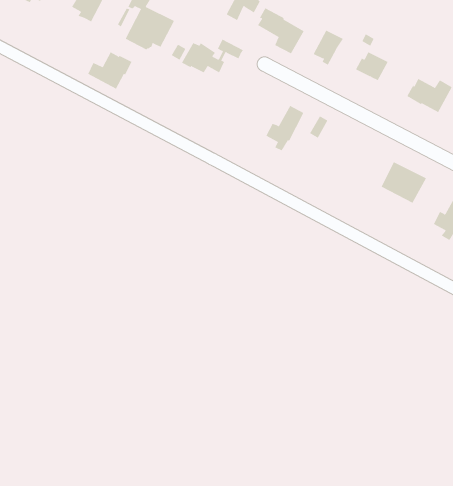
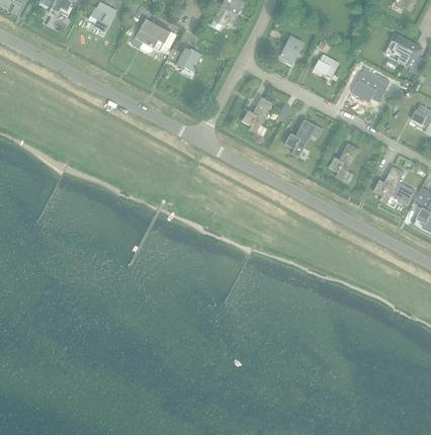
building: [257,7,305,54] -> none
building: [87,52,132,89] -> none
building: none -> [283,119,321,156]

